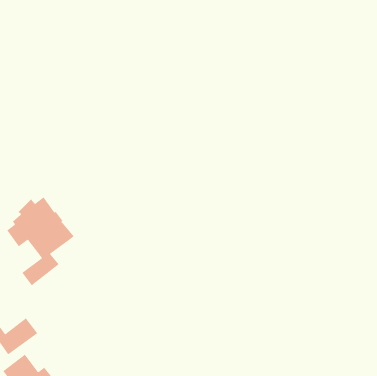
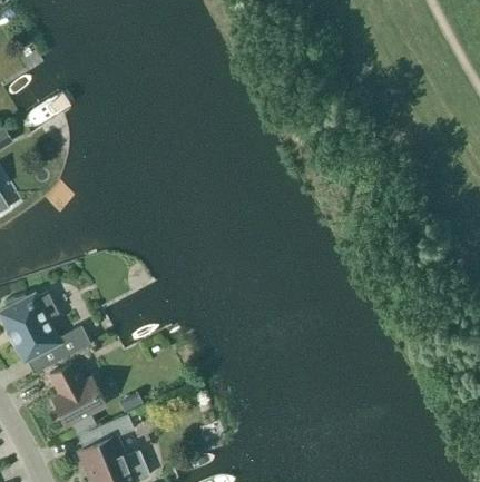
building: [7,197,74,286] -> none

